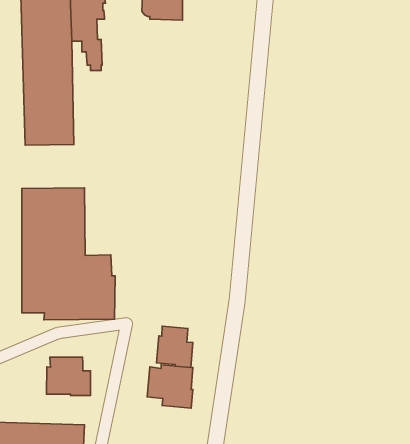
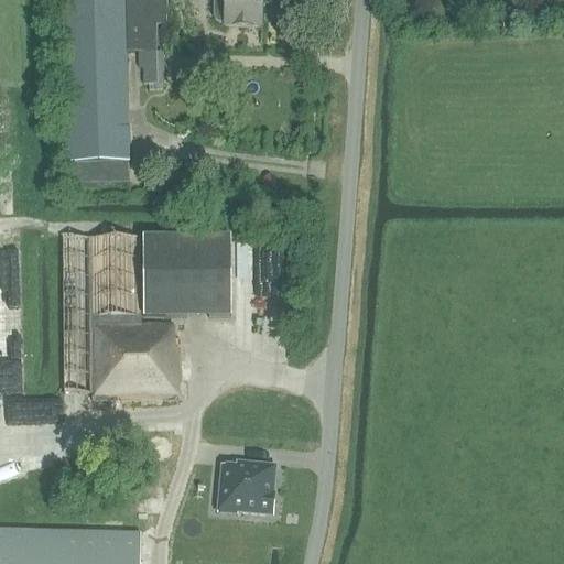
building: none -> [144,234,232,314]
building: [156,326,193,367] -> none
building: [47,357,91,396] -> none

